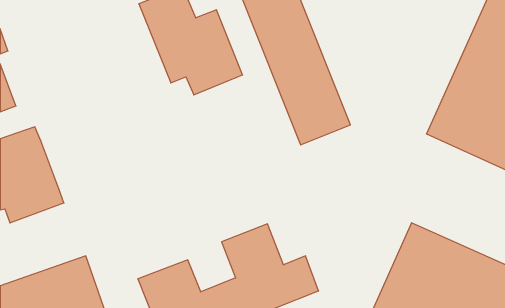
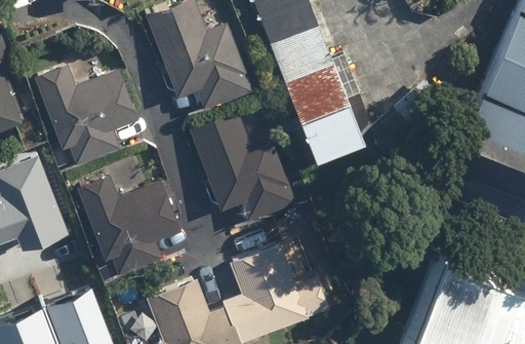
building: none -> [36,67,140,173]
building: none -> [191,113,297,224]
building: none -> [80,178,185,282]

